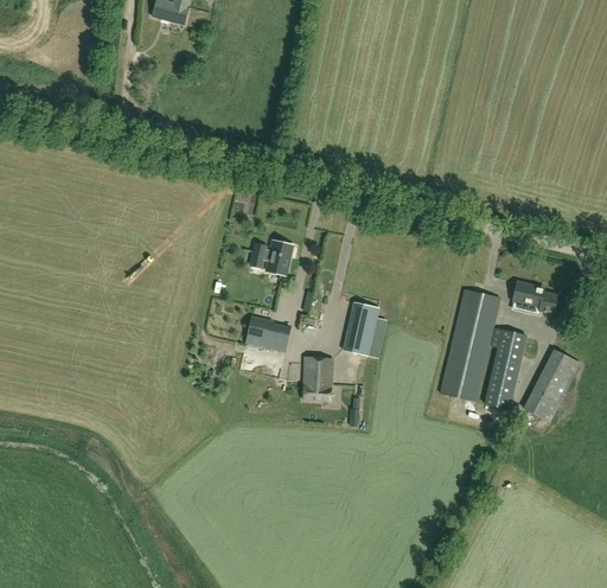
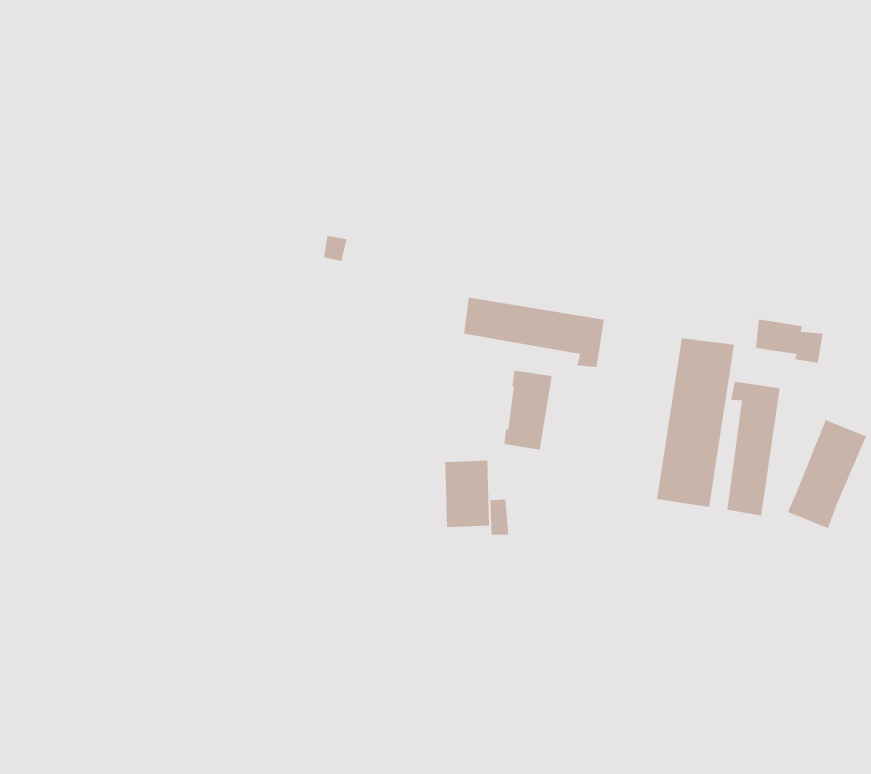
building: [253,239,293,274] -> none
building: none -> [463,297,605,368]
building: [247,317,290,349] -> none

